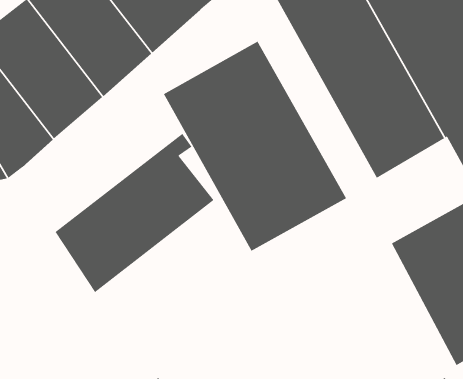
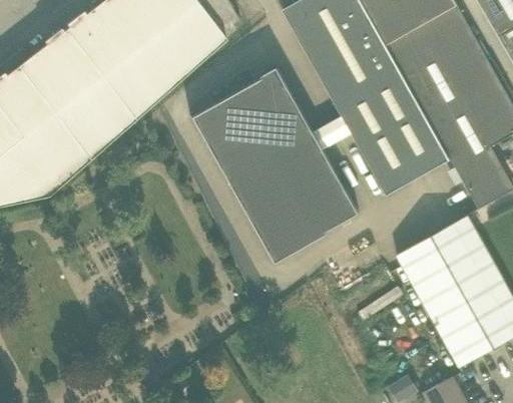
building: [54,133,215,293] -> none

